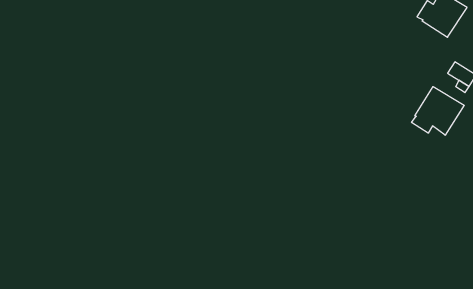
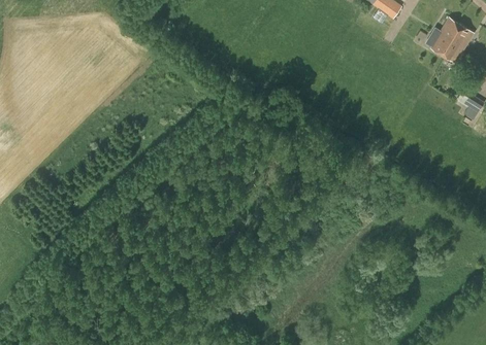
building: [412,87,464,135] -> none

